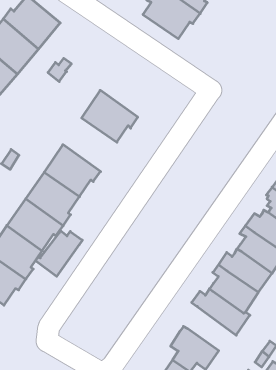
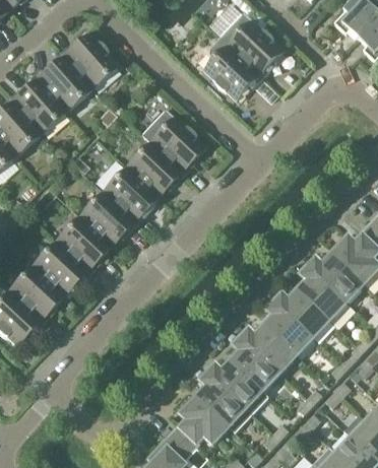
building: none -> [140,109,204,175]
building: none -> [101,166,156,224]
building: [36,231,82,276] -> none
building: none -> [196,373,249,430]

